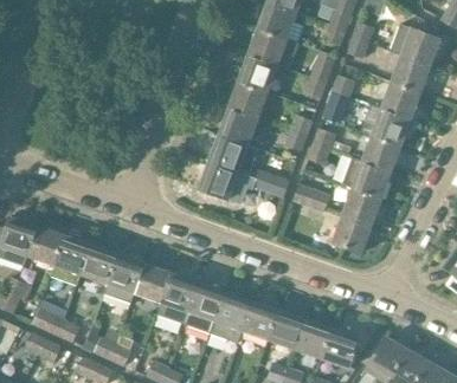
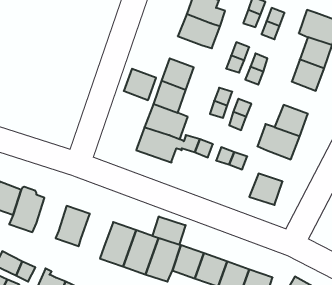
building: [238,56,276,92] -> [124,69,156,100]
building: [372,109,410,147] -> none
building: [342,189,380,226] -> none
building: [82,245,117,284] -> none
building: [134,264,172,303] -> none
building: none -> [153,216,186,245]

